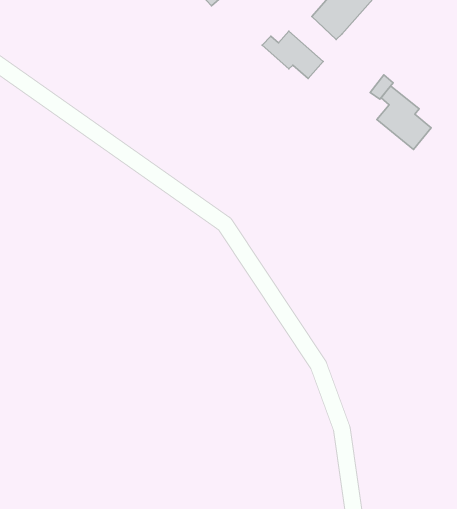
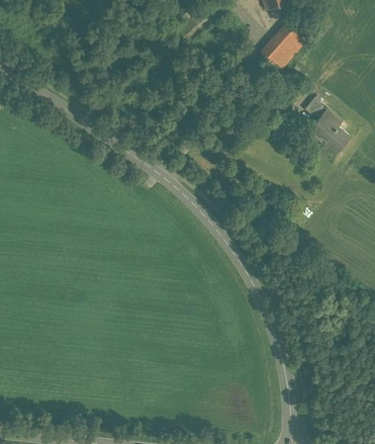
building: [262,31,323,78] -> none

